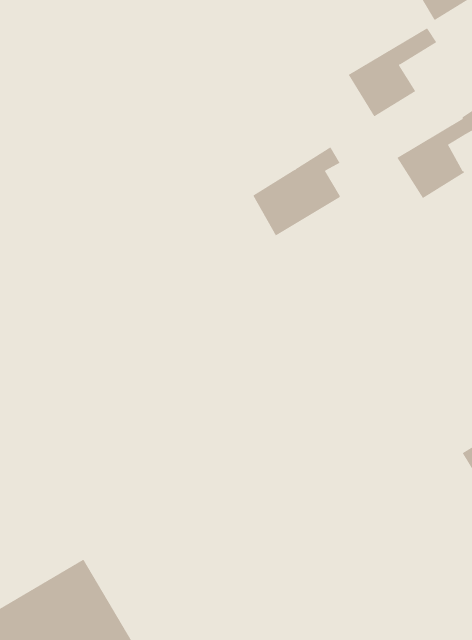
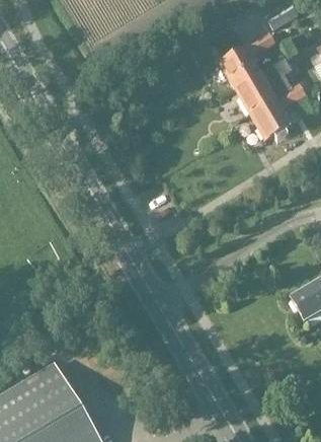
building: [253,147,341,236] -> [235,60,290,116]

